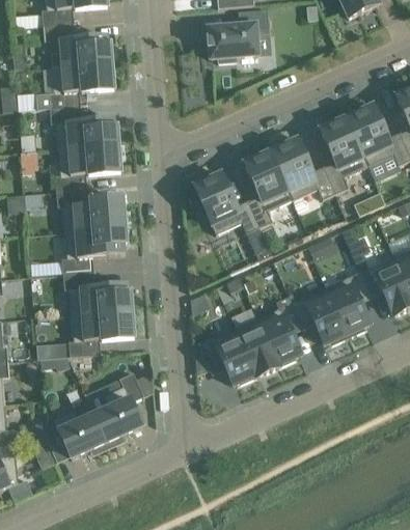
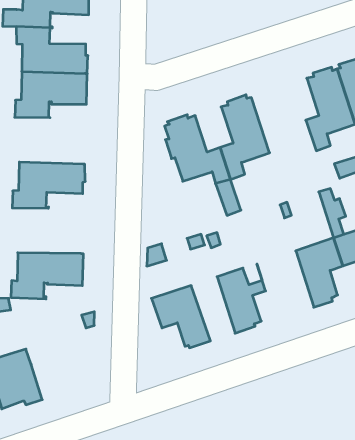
building: [271,138,335,199] -> none
building: [56,188,125,231] -> none
building: [62,271,132,314] -> none
building: [292,286,348,344] -> none
building: [234,317,278,376] -> none
building: [94,371,144,446] -> none

